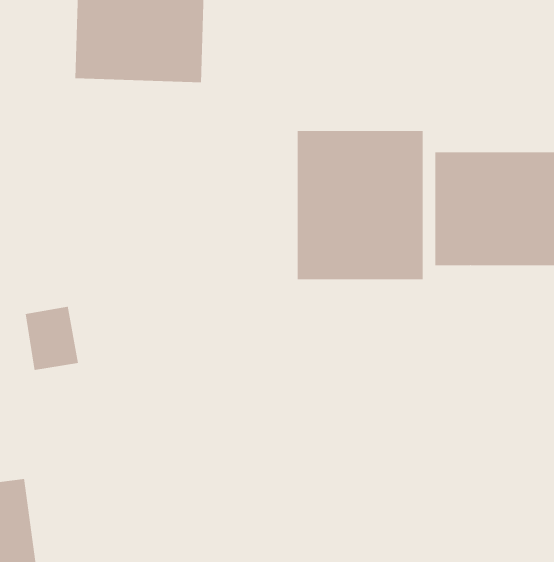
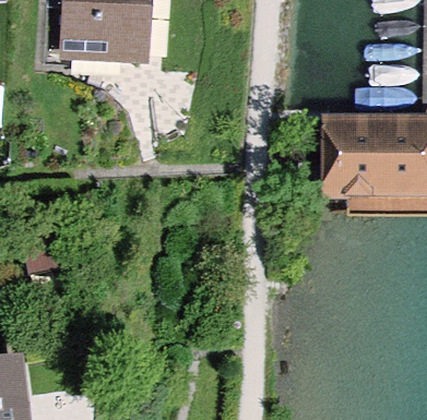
building: [297,130,423,280] -> none

